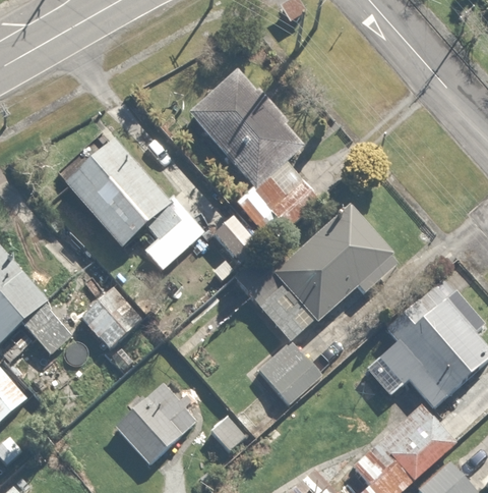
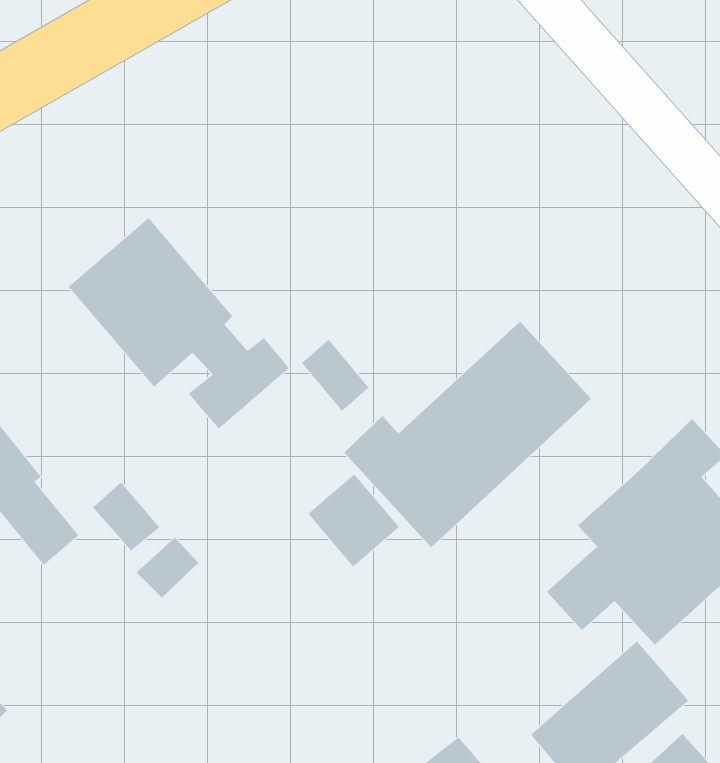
building: [188,70,323,245] -> none
building: [259,344,317,403] -> [307,473,400,568]
building: [115,381,199,463] -> none

